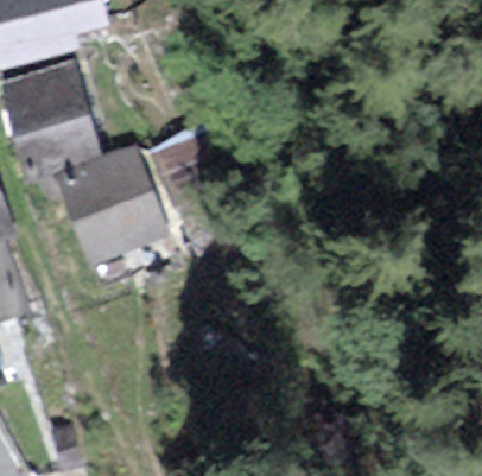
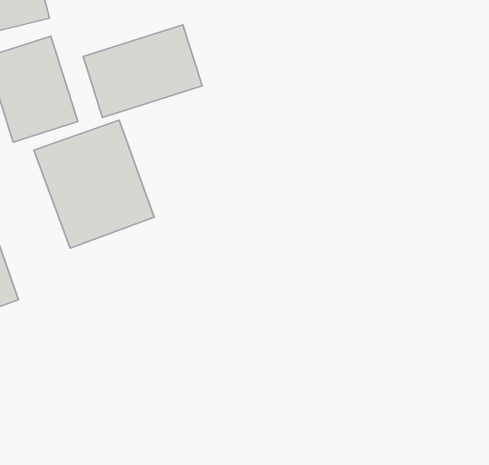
building: none -> [83,25,202,117]

